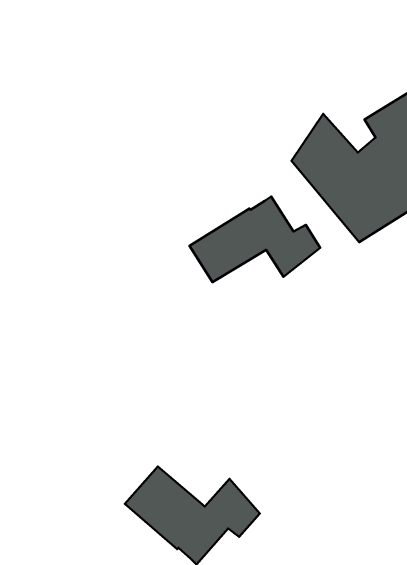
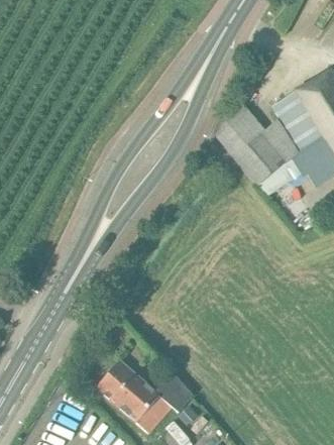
building: [189,196,320,282] -> none

